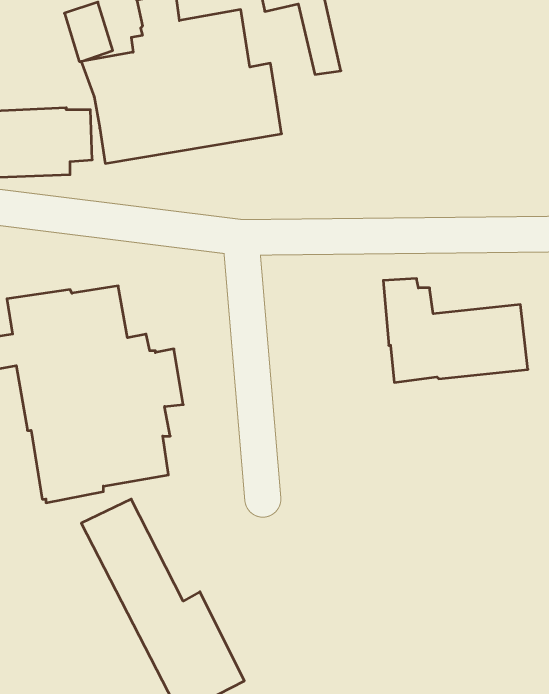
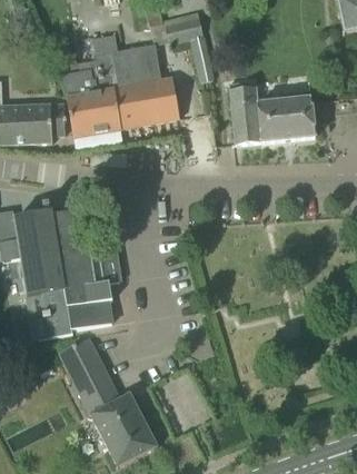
building: [383,279,528,382] -> [228,81,315,144]

